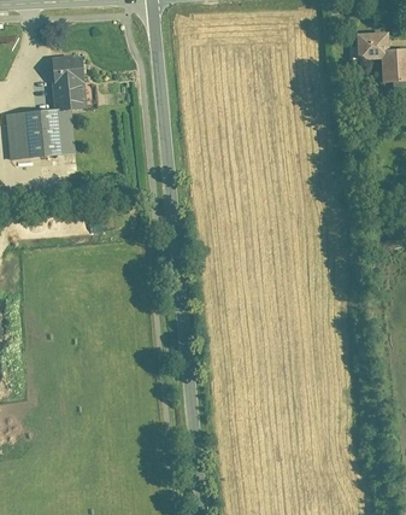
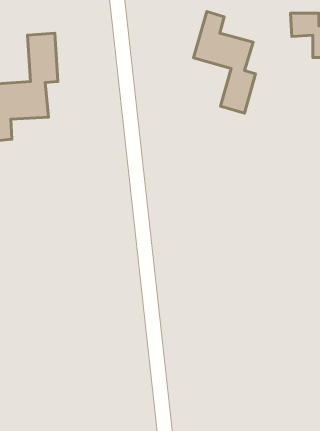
building: none -> [193,11,255,113]

